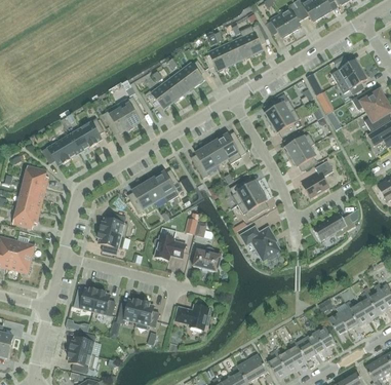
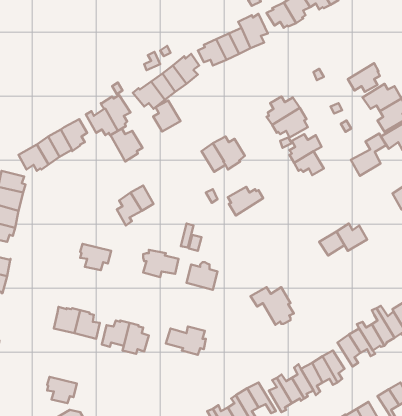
building: [331,56,361,82] -> none
building: [193,147,218,175] -> [153,100,181,131]
building: [302,159,334,197] -> [351,134,386,176]
building: [154,171,183,201] -> [110,128,142,162]
building: [237,189,266,218] -> none
building: [100,213,128,236] -> none
building: [240,226,279,260] -> [250,287,294,325]
building: [70,332,95,355] -> none

